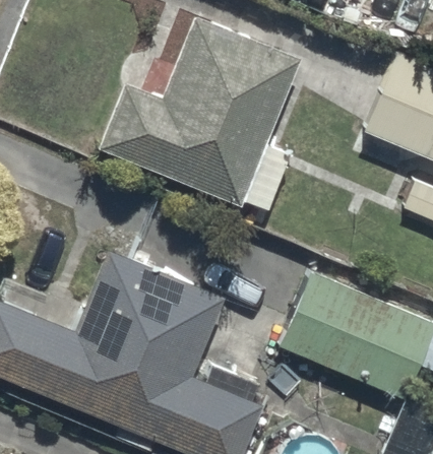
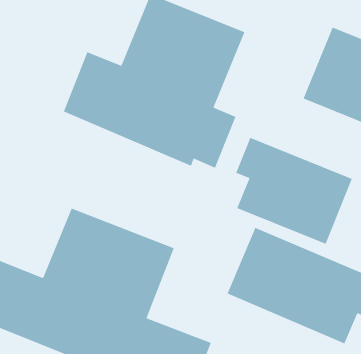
building: none -> [235,137,353,245]

